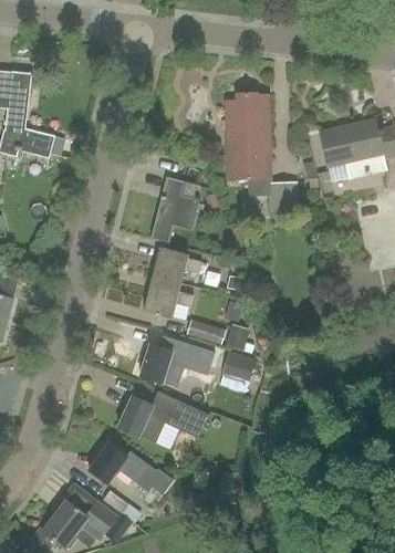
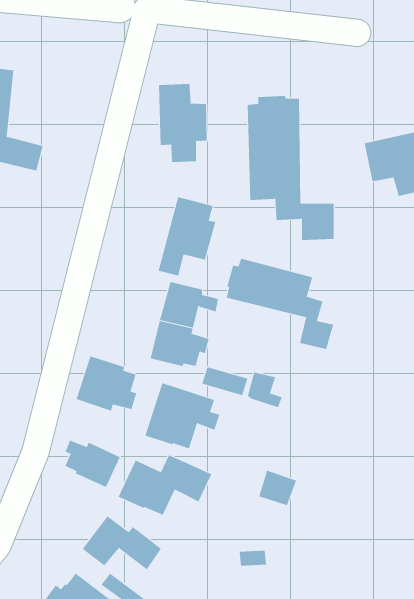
building: none -> [158,83,207,163]
building: none -> [226,258,334,350]
building: none -> [76,356,137,411]
building: [222,352,254,382] -> [258,470,297,506]
building: none -> [65,440,120,488]

